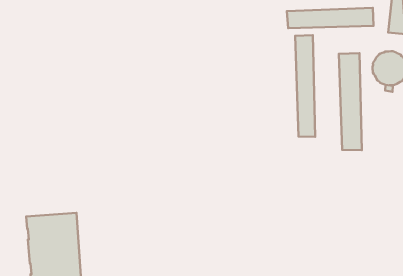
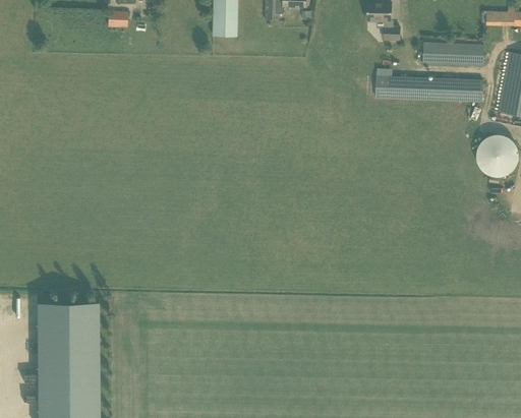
building: [295,35,315,137] -> none
building: [339,53,362,150] -> none

